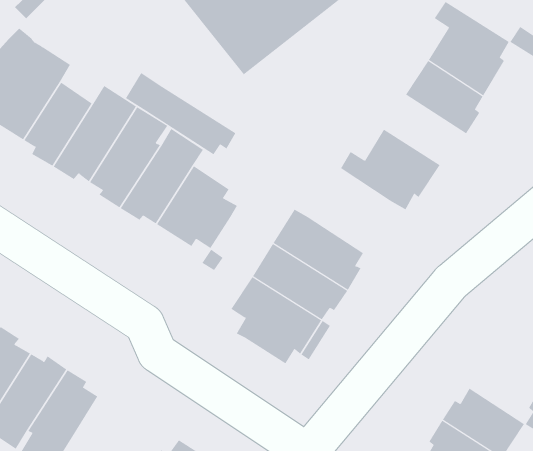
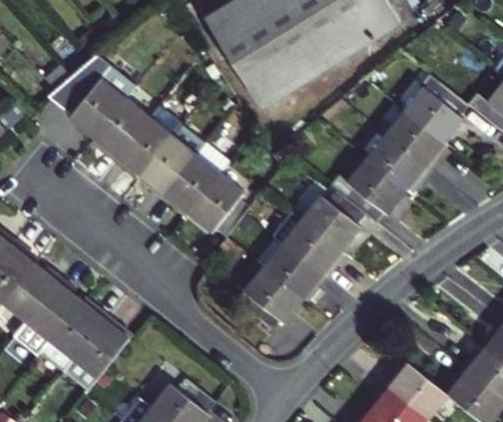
building: [125,72,236,155] -> none
building: none -> [365,136,427,192]
building: none -> [301,186,364,253]

